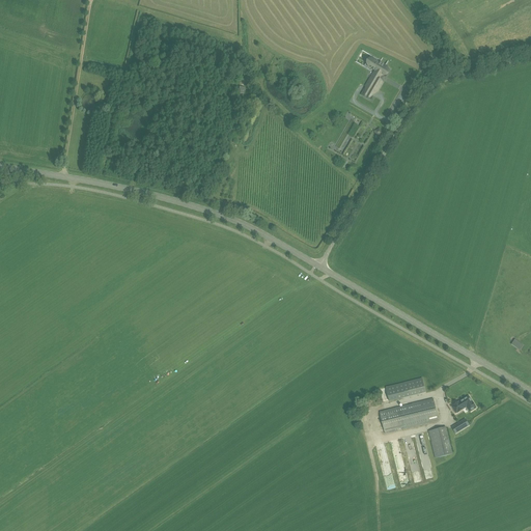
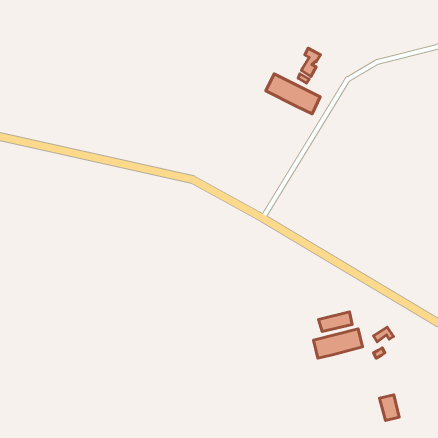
building: none -> [266,74,320,114]
building: [427,426,451,457] -> [379,395,399,420]

